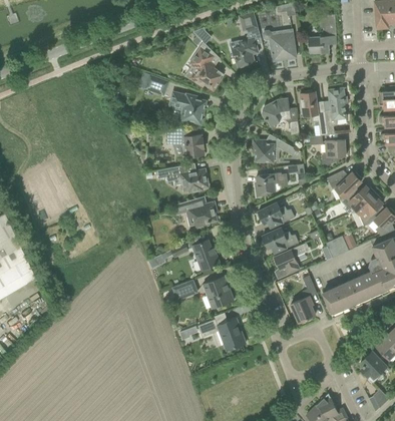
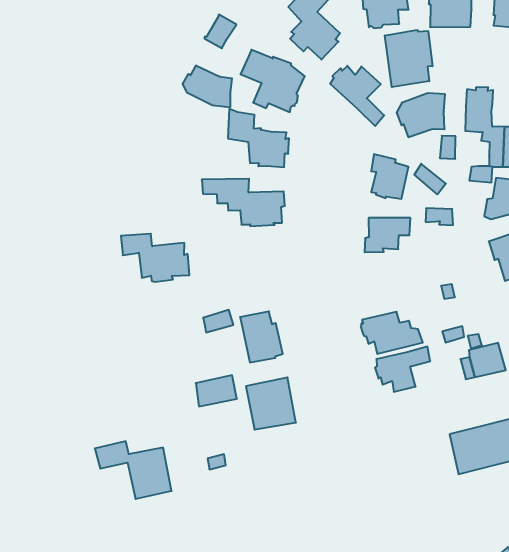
building: none -> [385,30,432,87]
building: none -> [330,66,384,126]
building: none -> [183,65,232,107]
building: [173,200,217,228] -> [121,234,189,282]
building: [258,202,295,229] -> none
building: [290,276,316,322] -> none
building: [198,319,246,351] -> [95,441,172,499]

